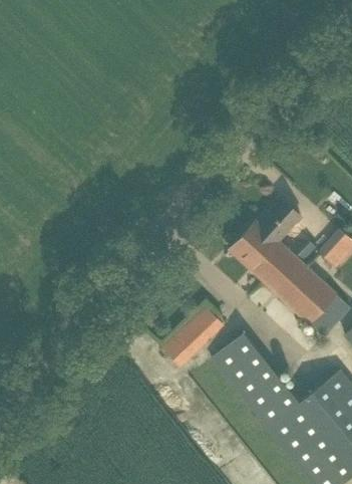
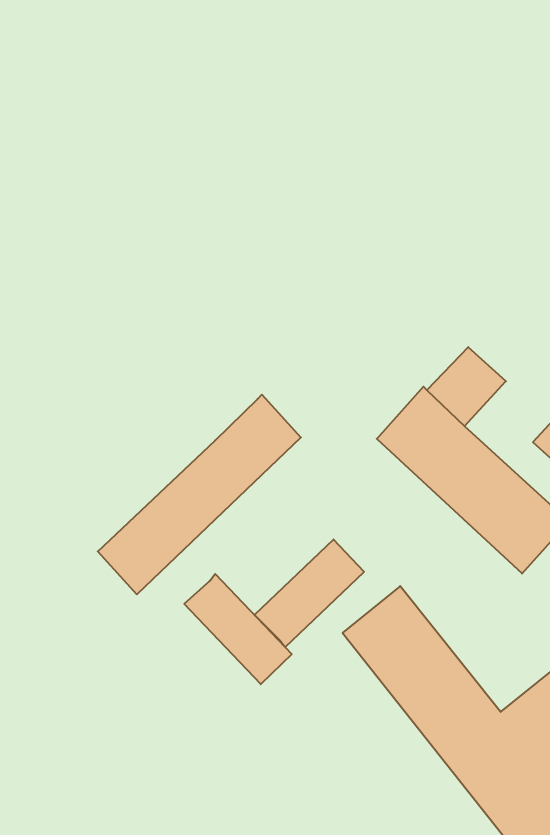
building: none -> [98,395,301,594]
building: none -> [184,574,292,684]

